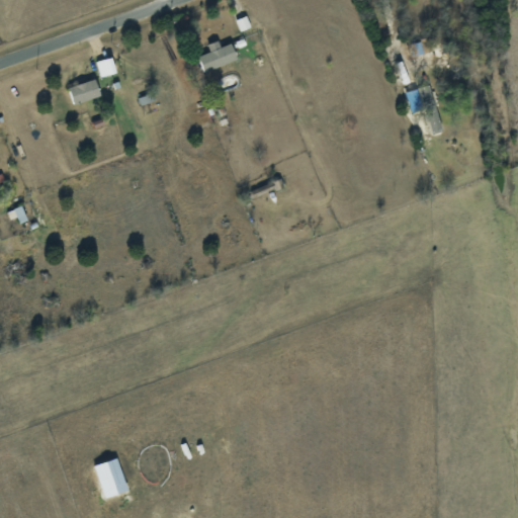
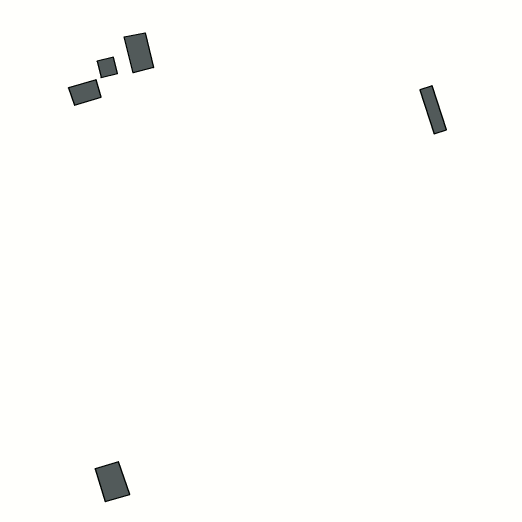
building: none -> [124,33,153,73]
building: [197,40,238,72] -> none

